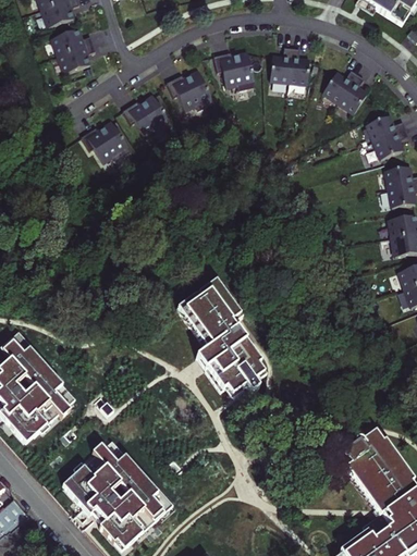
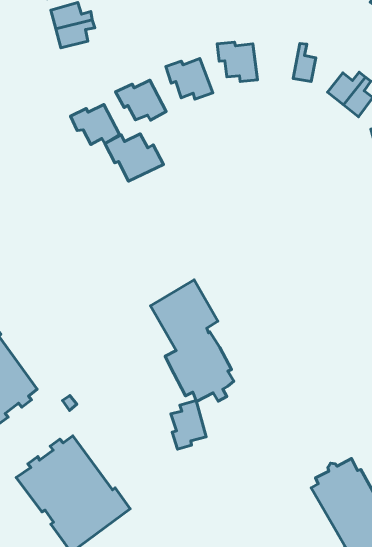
building: [269,47,292,82] -> none
building: none -> [105,134,163,181]
building: none -> [171,400,206,449]

